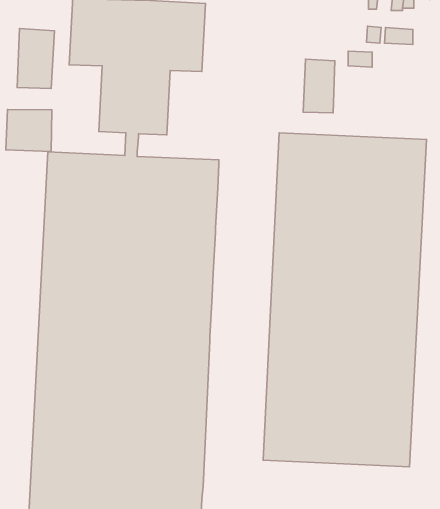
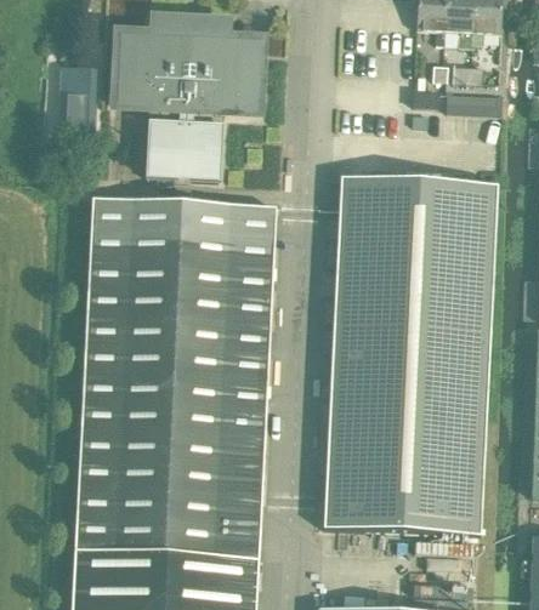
building: [303,59,335,113] -> none
building: [6,109,52,152] -> none

